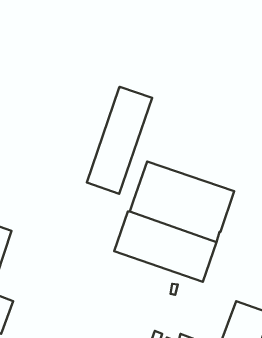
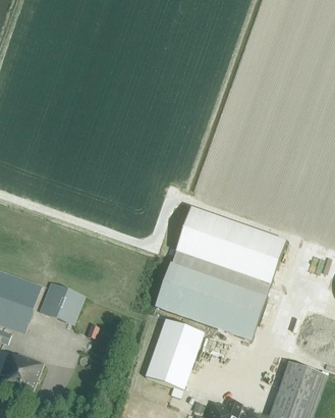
building: [87,87,152,194] -> none
building: none -> [40,281,85,323]
building: none -> [146,317,204,389]

